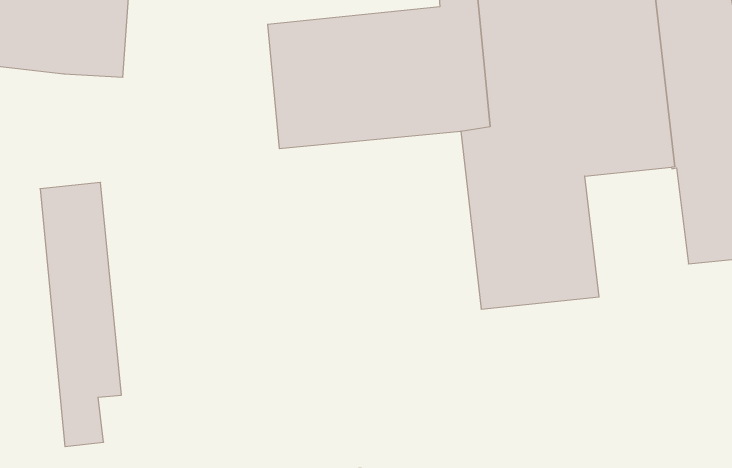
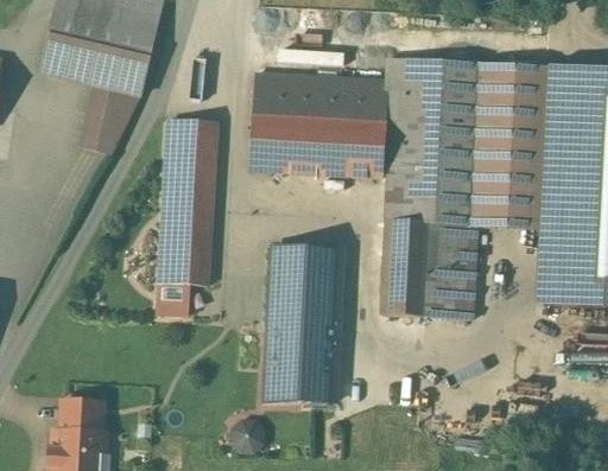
building: none -> [82,85,139,147]
building: [40,182,121,447] -> [157,116,215,314]
building: none -> [271,246,341,399]

